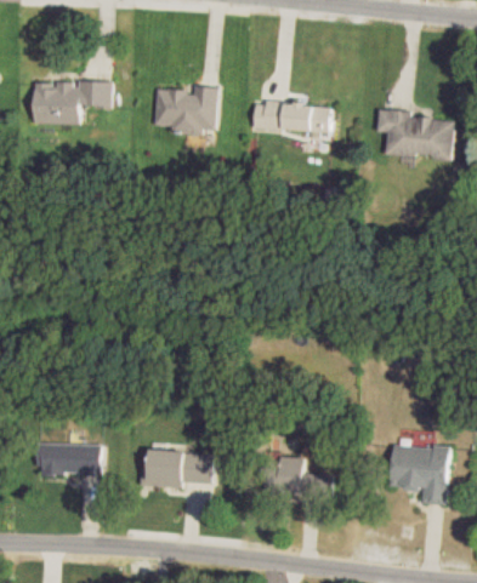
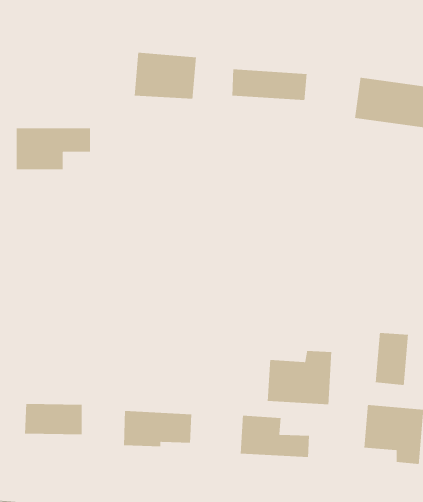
building: [36,80,113,124] -> [16,127,91,170]
building: none -> [375,332,409,386]
building: none -> [267,350,332,405]

